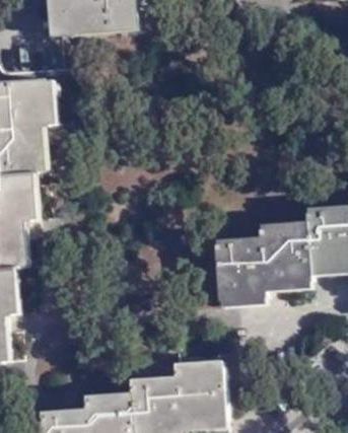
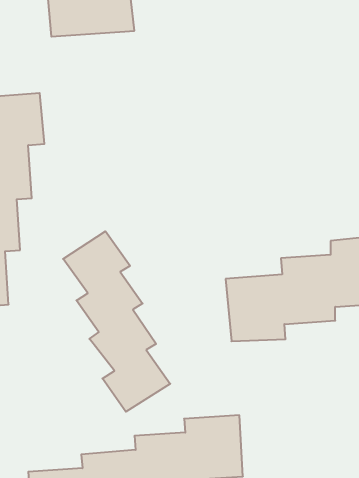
building: none -> [63,231,170,412]

